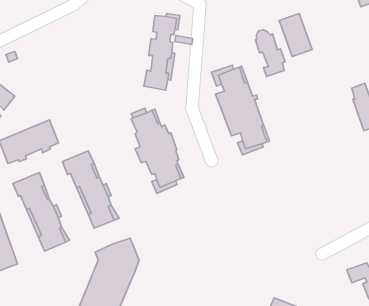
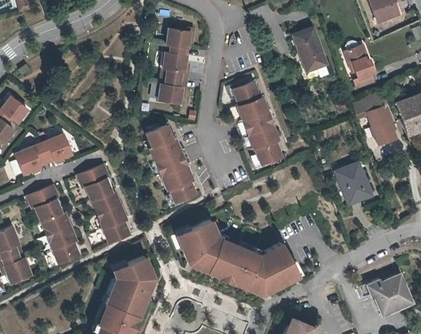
building: [255,30,285,77] -> [346,40,376,87]
building: none -> [334,162,374,207]
building: none -> [174,223,300,301]

